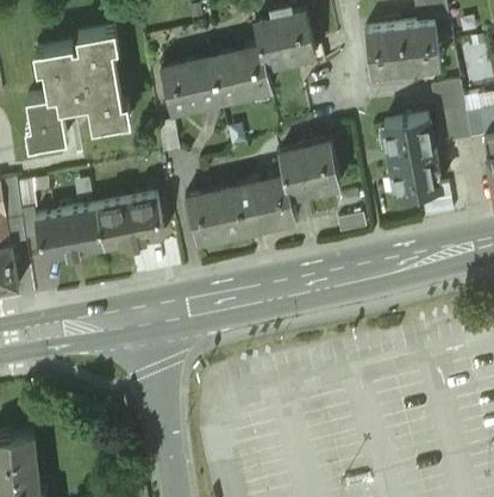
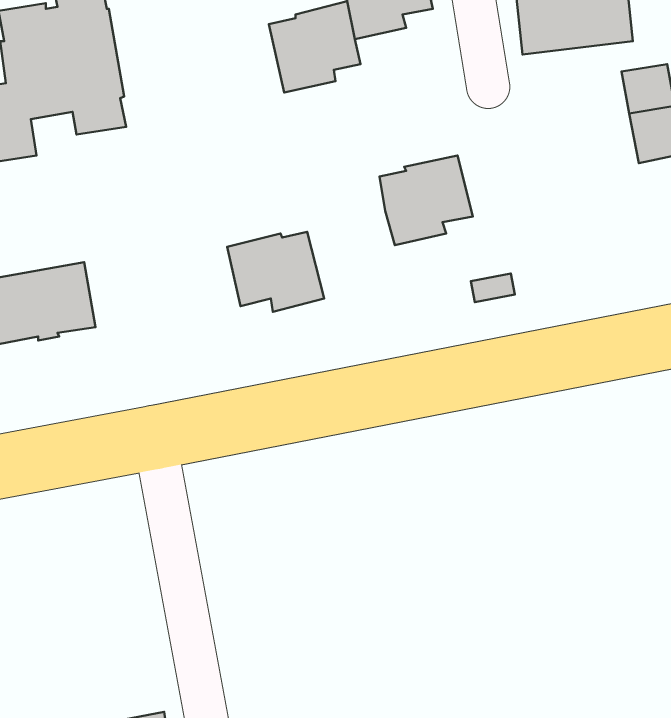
building: [161,58,221,108] -> none
building: [384,118,442,195] -> none
building: [236,175,294,230] -> none
building: [96,197,164,248] -> none

